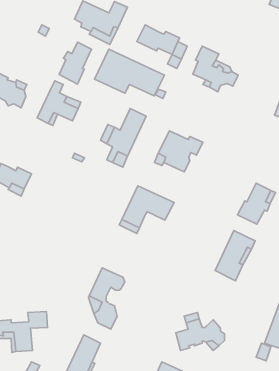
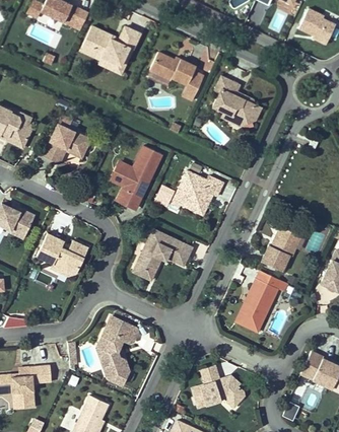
building: [59,42,92,84] -> none
building: [94,49,164,96] -> none
building: none -> [37,233,88,276]

